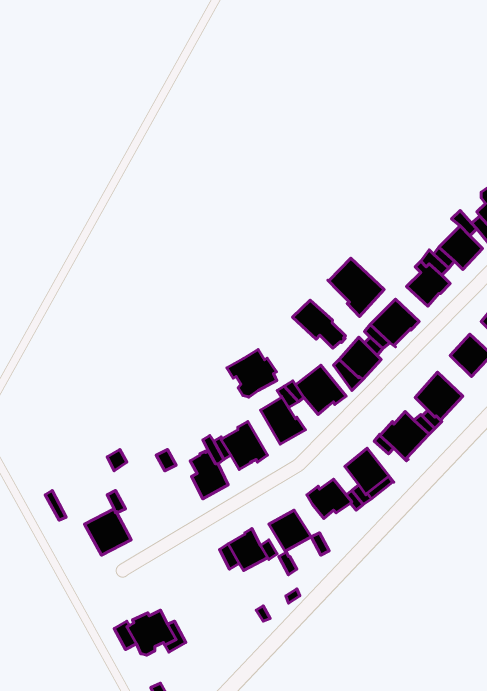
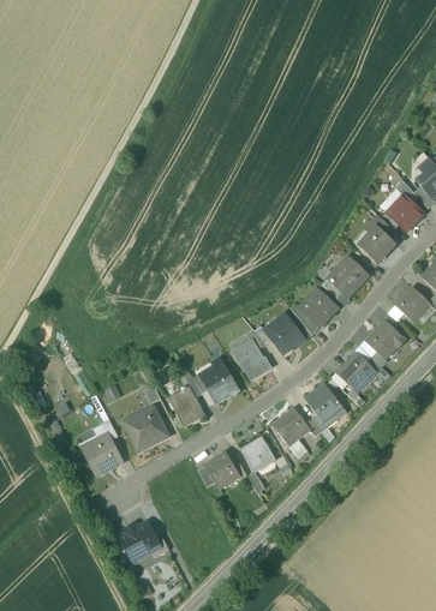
building: [328,258,384,317] -> none
building: [292,300,345,348] -> none
building: [227,350,277,397] -> none
building: none -> [127,405,169,450]

